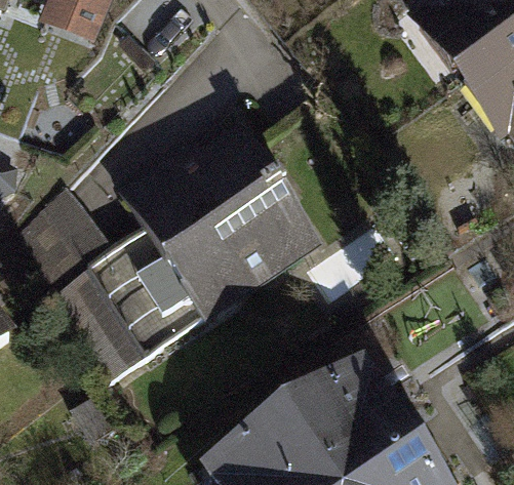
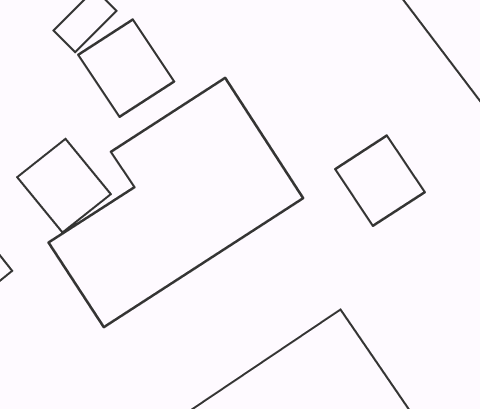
building: none -> [78,19,174,117]
building: none -> [335,136,425,226]

